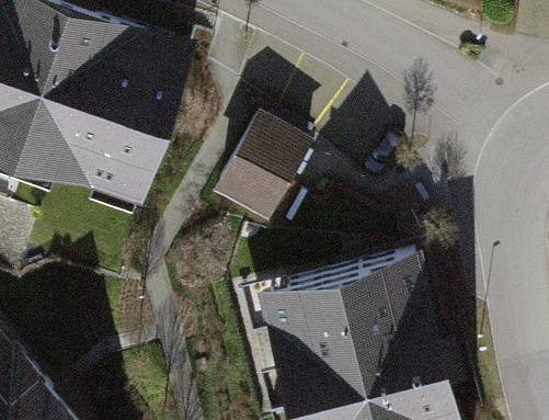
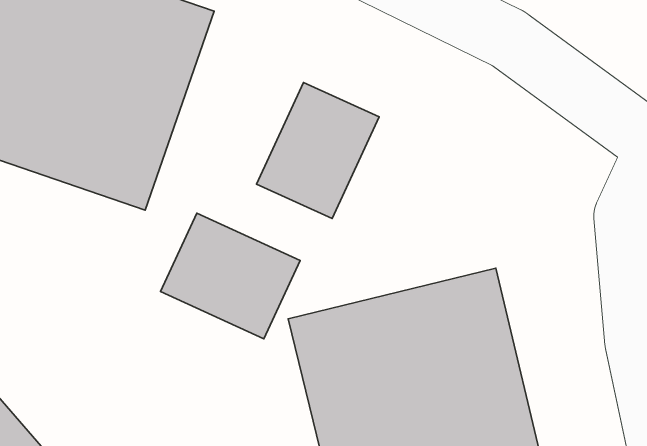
building: none -> [160,213,300,339]

